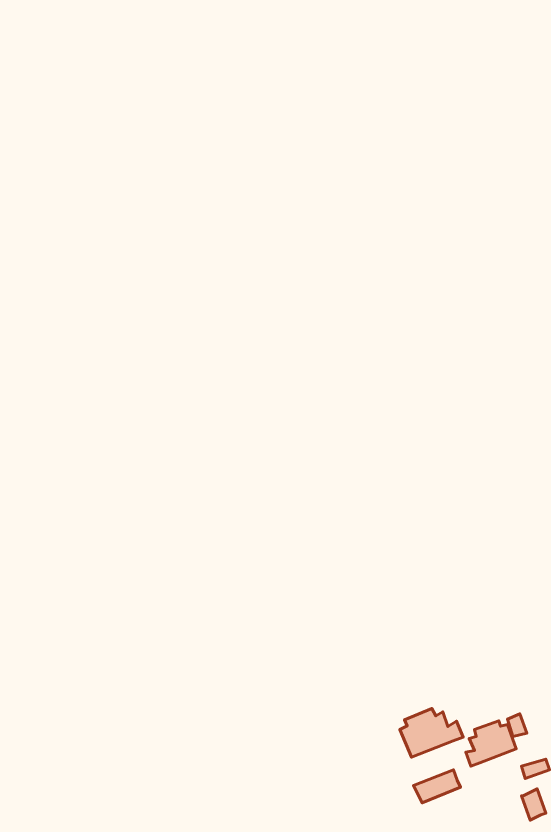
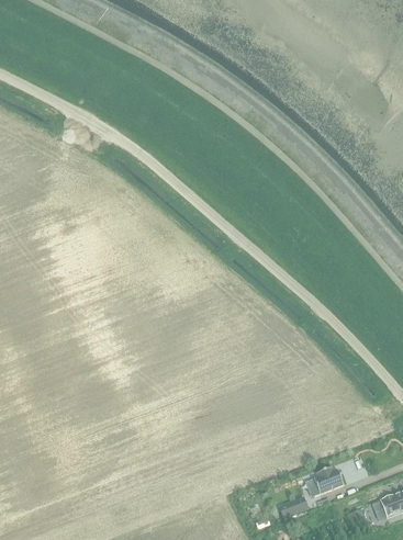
building: [400,708,463,757] -> none

